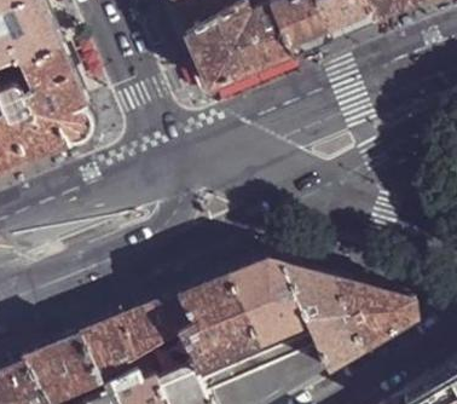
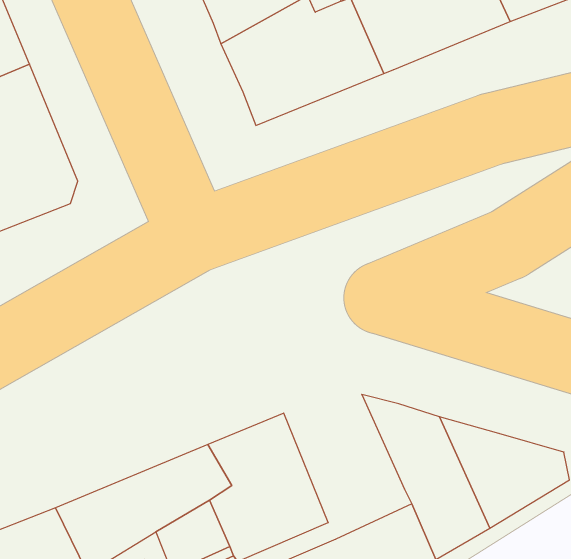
building: [227,259,306,346] -> none

